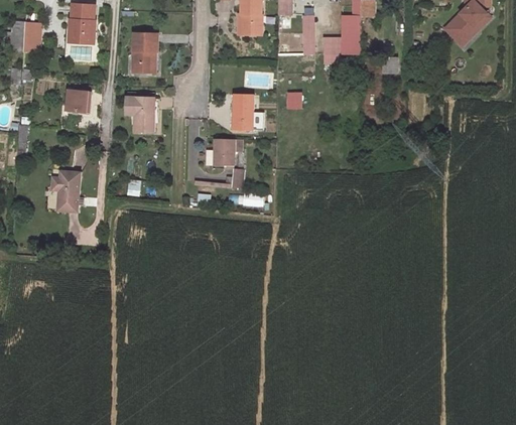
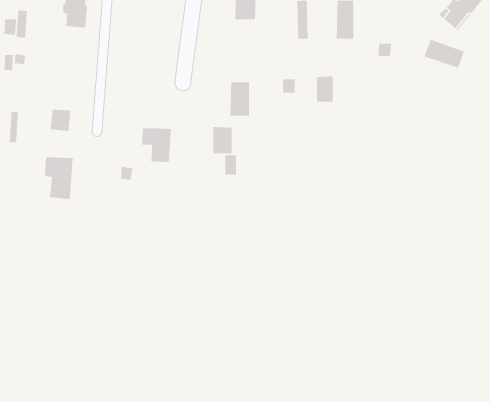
building: [133,33,158,74] -> none
building: [322,36,340,62] -> [316,76,333,102]
building: none -> [424,39,465,68]
building: [67,90,88,112] -> [50,109,71,131]
building: [124,98,154,132] -> [141,128,172,162]

